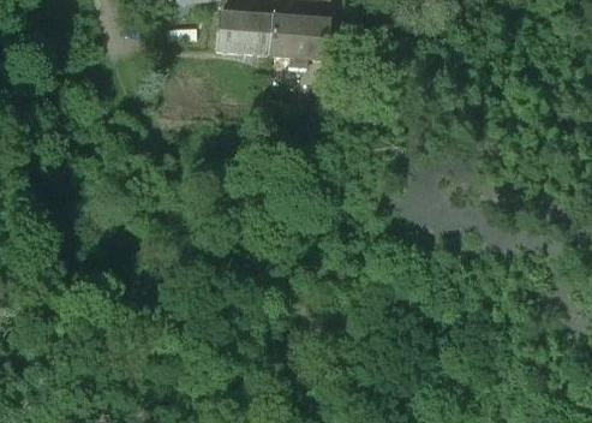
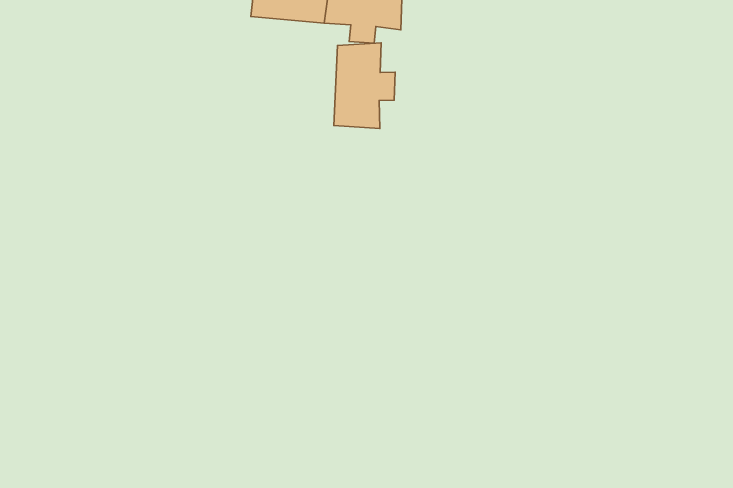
building: none -> [334,43,395,129]

